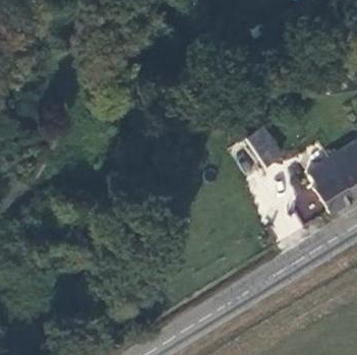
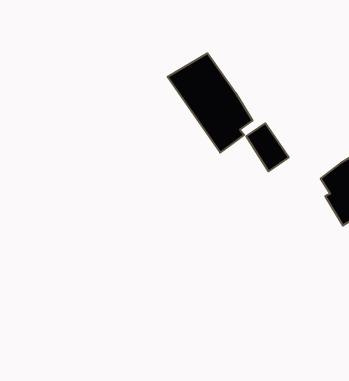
building: none -> [168,53,253,153]

